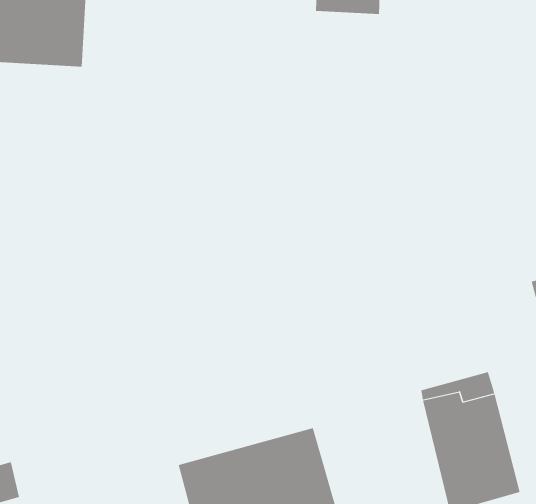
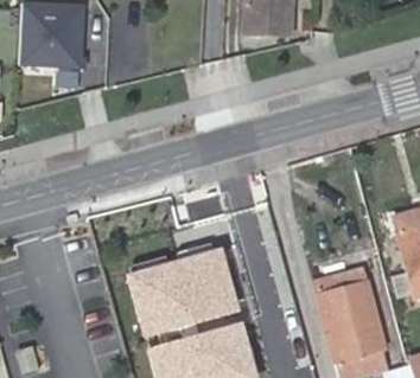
building: none -> [127,245,242,335]

